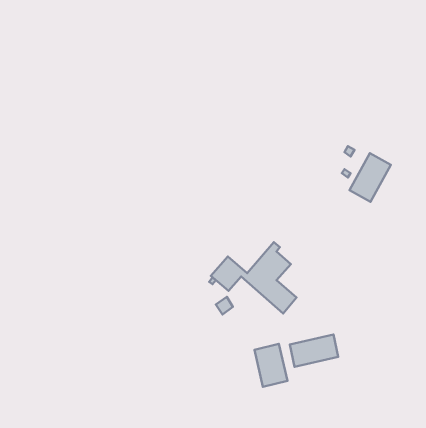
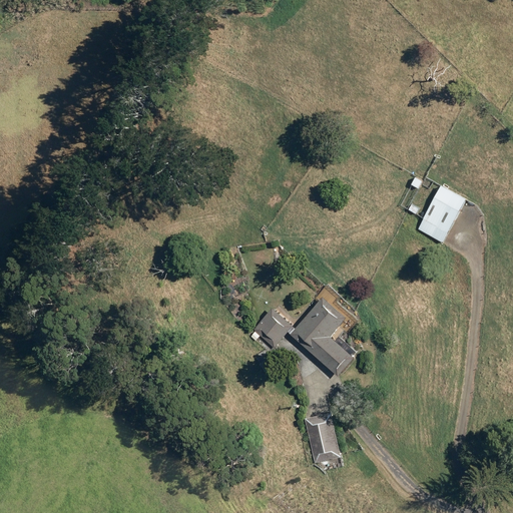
building: [290,335,338,367] -> none

